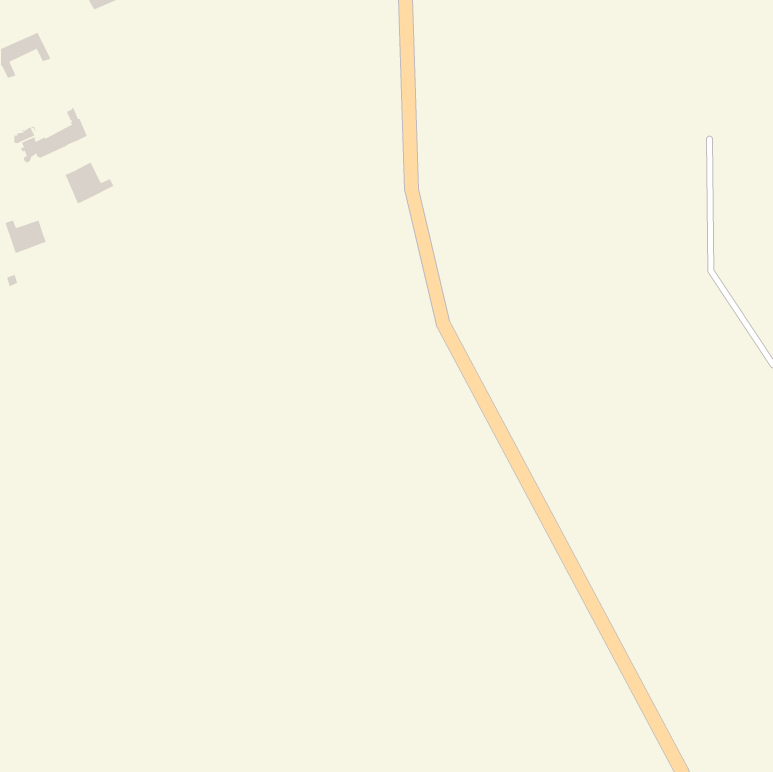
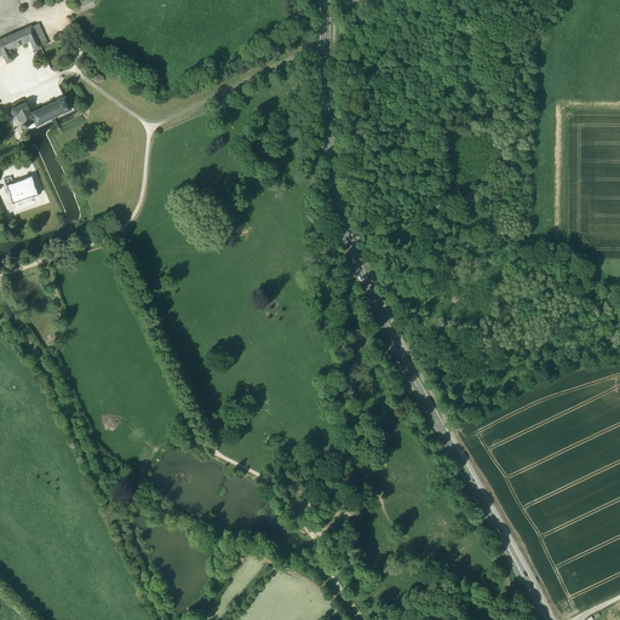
building: [65,162,114,205] -> none

